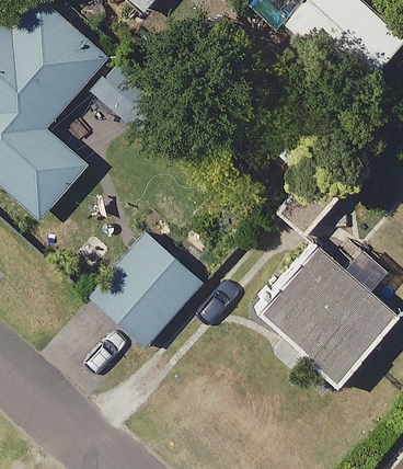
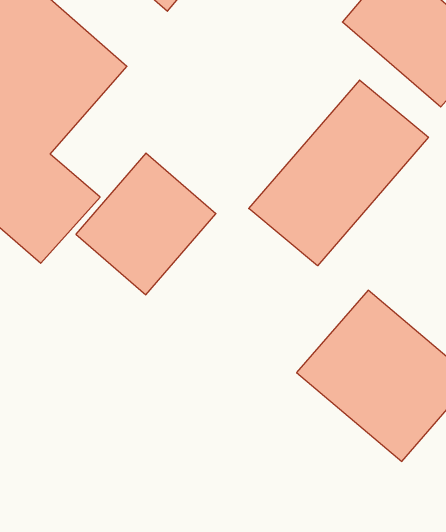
building: none -> [249,80,428,266]
building: [89,230,203,345] -> [76,153,216,295]

